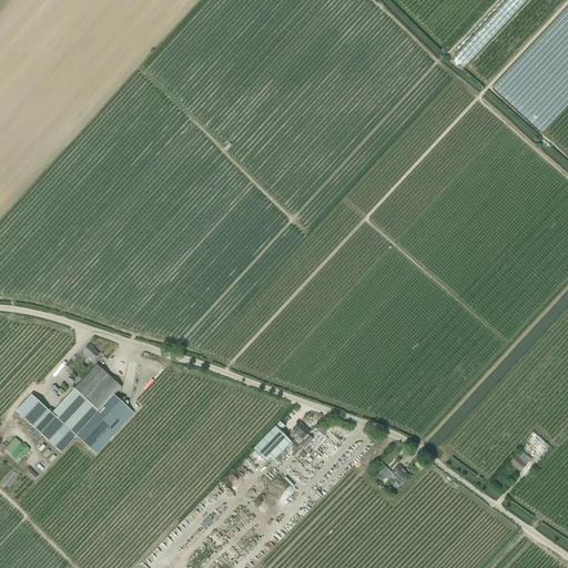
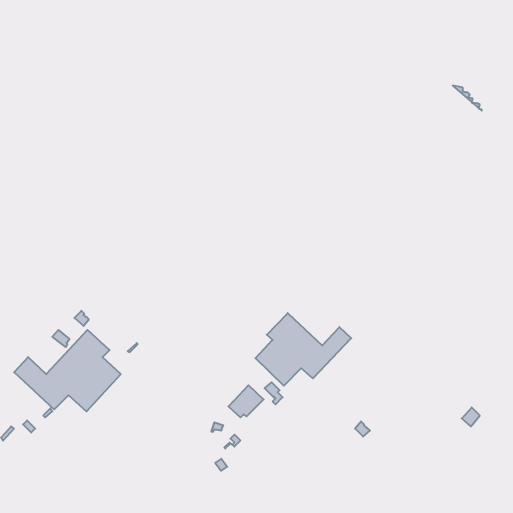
building: none -> [255,313,351,386]

